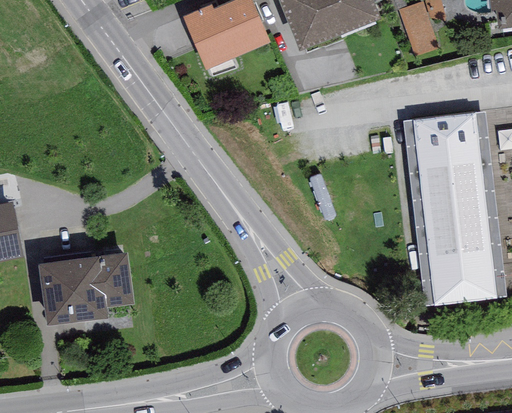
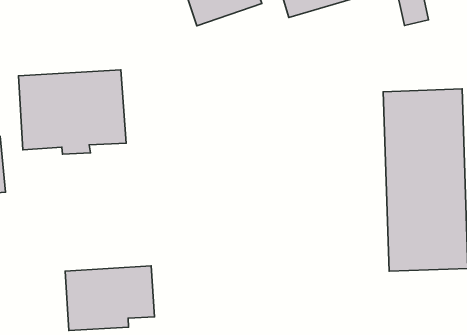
building: none -> [19,70,126,154]
building: [38,252,134,326] -> [65,266,155,331]

